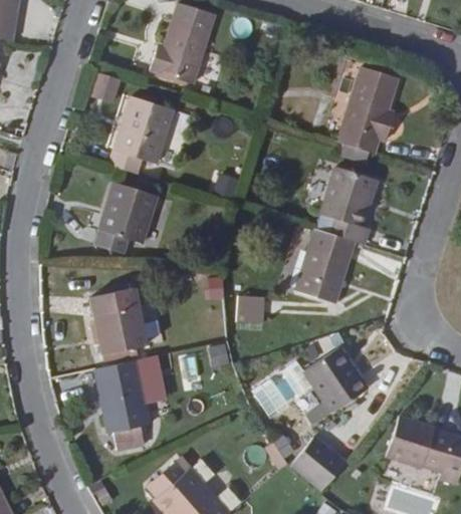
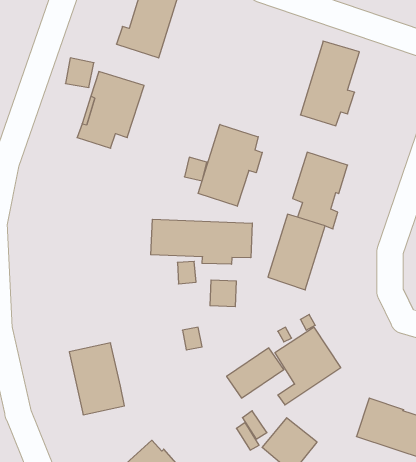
building: none -> [198,124,262,206]
building: [88,171,152,241] -> none
building: none -> [151,219,252,264]
building: [93,294,148,355] -> none
building: [138,359,169,408] -> none

